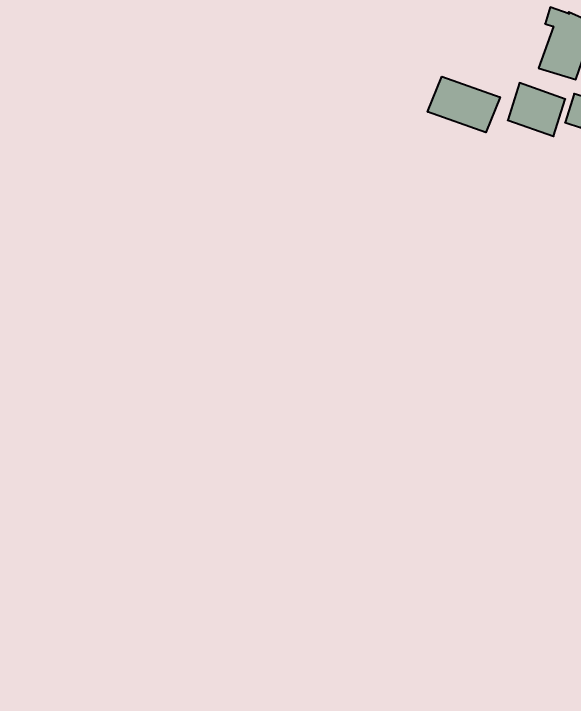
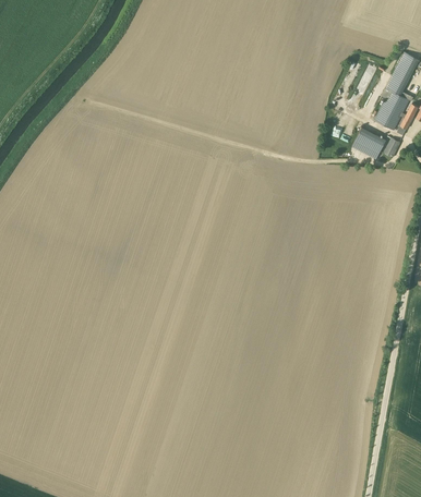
building: [428,77,500,132] -> none

